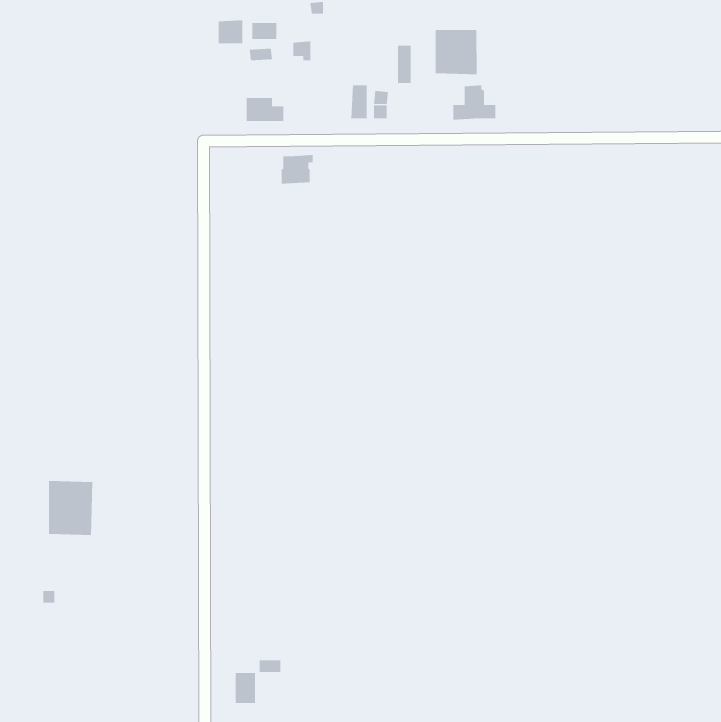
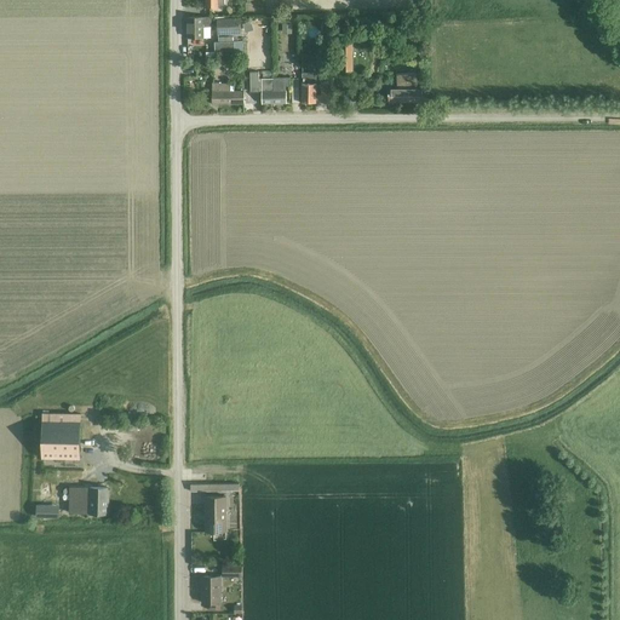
building: [435,29,477,75] -> none
building: [281,154,313,184] -> [260,79,288,104]
building: none -> [69,488,108,513]
building: none -> [205,496,225,532]

